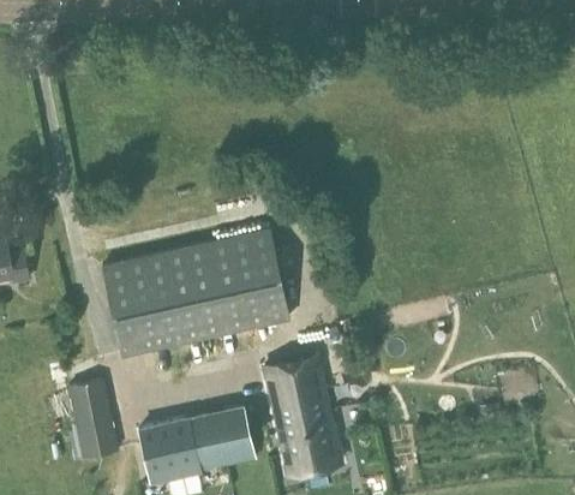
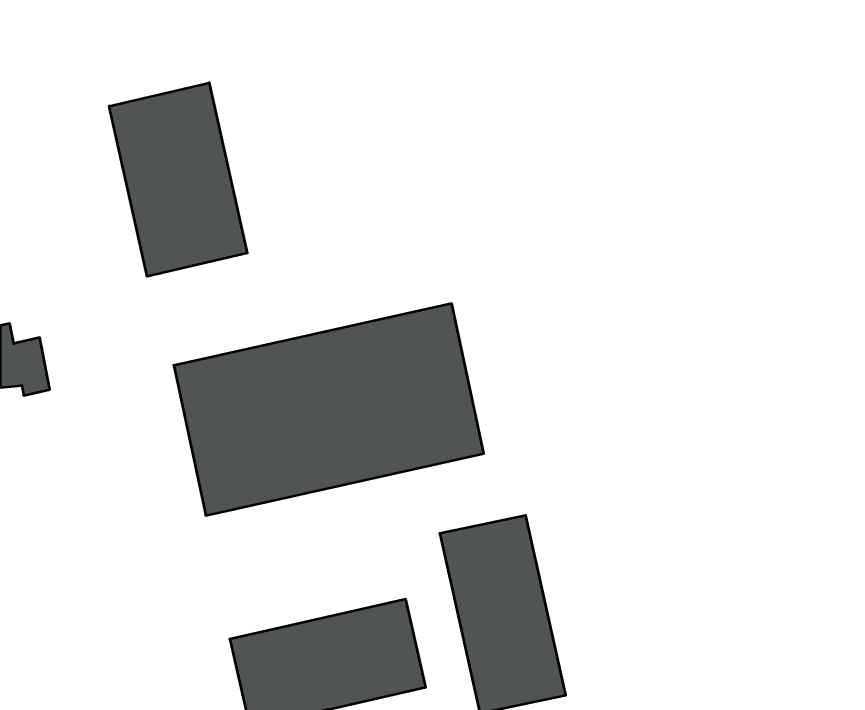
building: none -> [109,83,247,276]
building: [70,380,119,457] -> none

